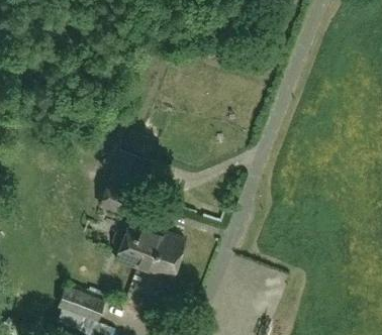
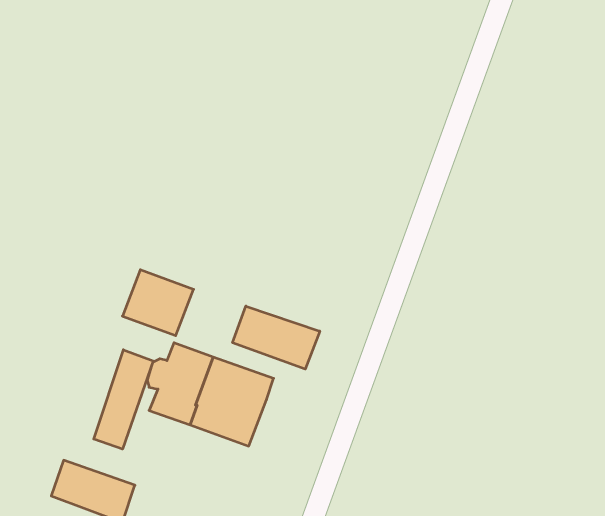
building: none -> [233,306,320,369]
building: none -> [94,350,153,449]

